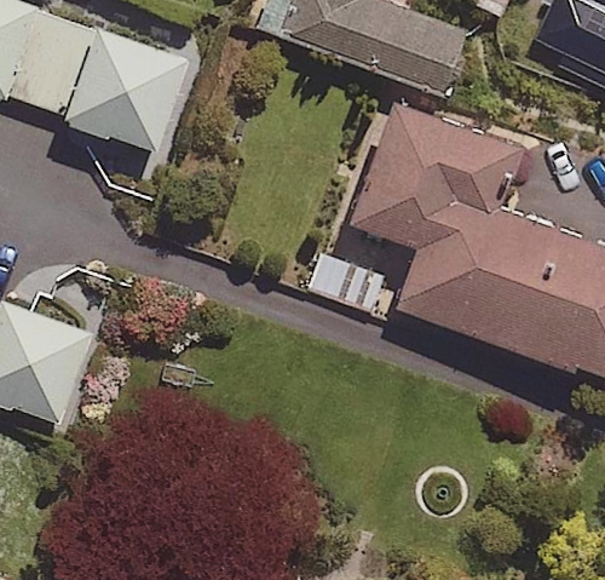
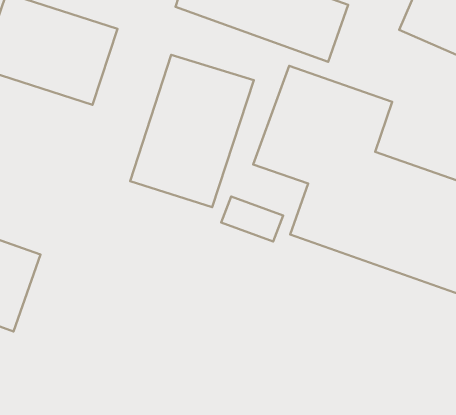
building: none -> [130,55,254,207]

